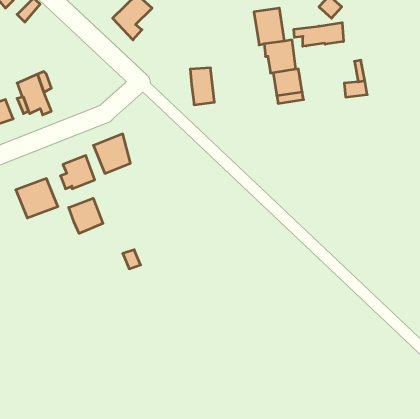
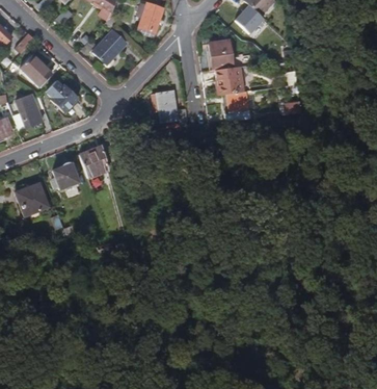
building: none -> [22,53,54,85]
building: [294,23,343,46] -> none
building: none -> [49,84,76,112]
building: [69,198,103,233] -> none

